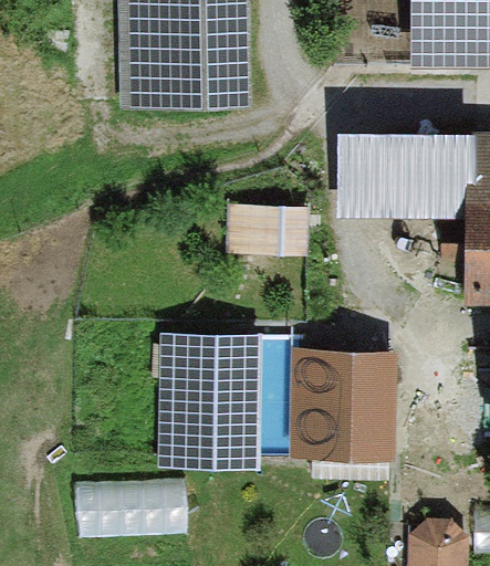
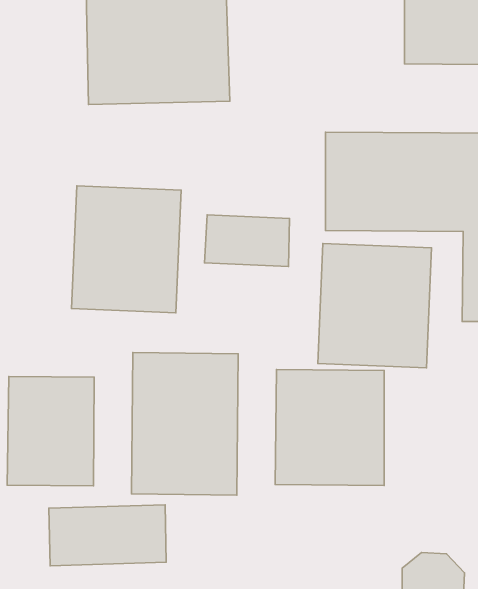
building: none -> [72,186,181,313]
building: none -> [318,243,432,368]
building: none -> [7,377,94,486]

